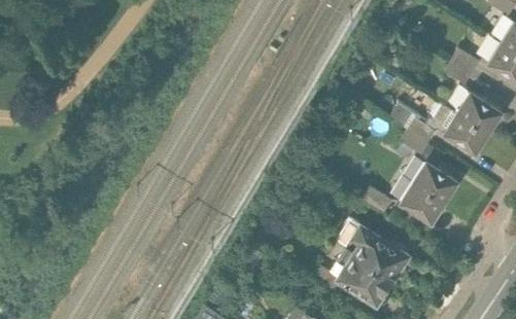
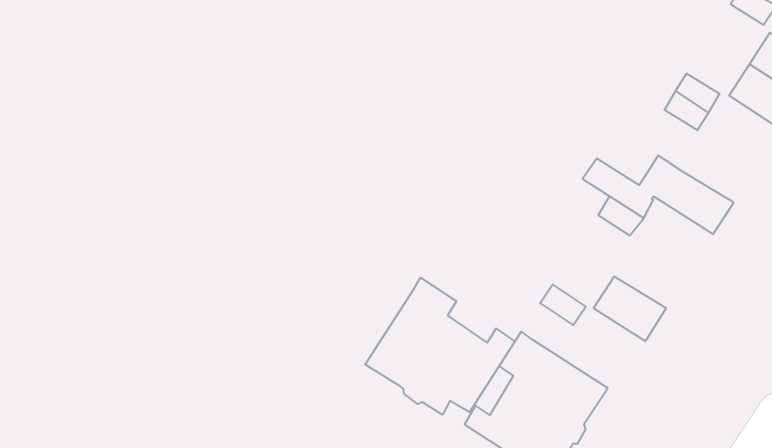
building: [456,92,503,134] -> none
building: [412,162,459,203] -> none
building: none -> [365,278,515,415]

